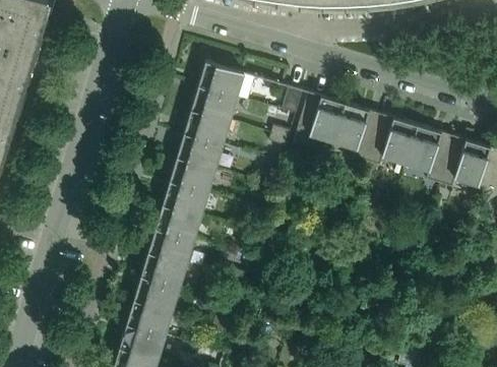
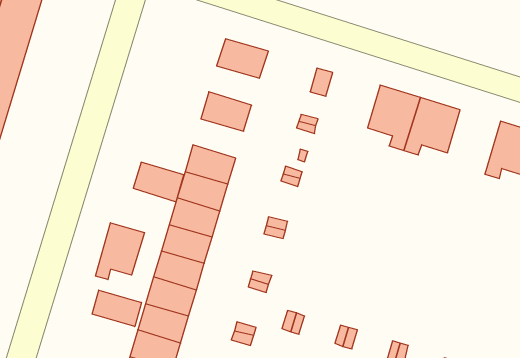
building: [190,89,236,125] -> none
building: [294,96,345,147] -> none
building: [406,129,453,187] -> none
building: [176,137,222,173] -> [133,162,184,202]
building: none -> [95,223,145,280]
building: none -> [92,290,141,327]

